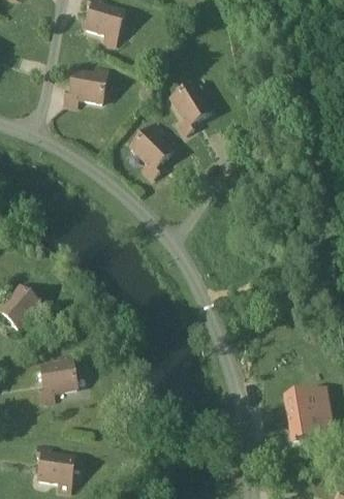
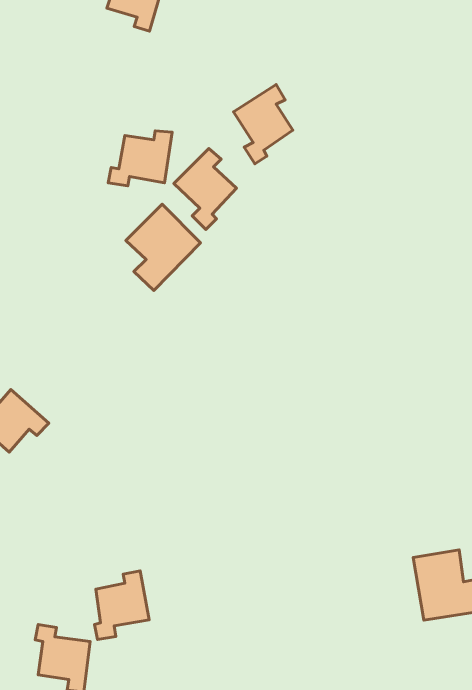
building: [63,67,106,104] -> [108,131,172,186]
building: none -> [126,204,200,290]
building: [39,354,76,401] -> [94,571,149,640]

